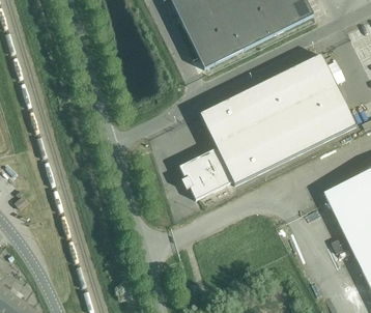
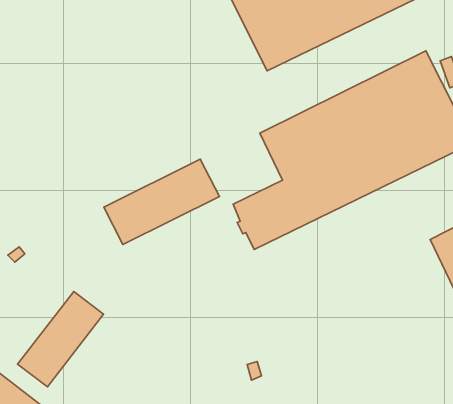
building: none -> [104,159,219,245]
building: none -> [18,291,104,387]

